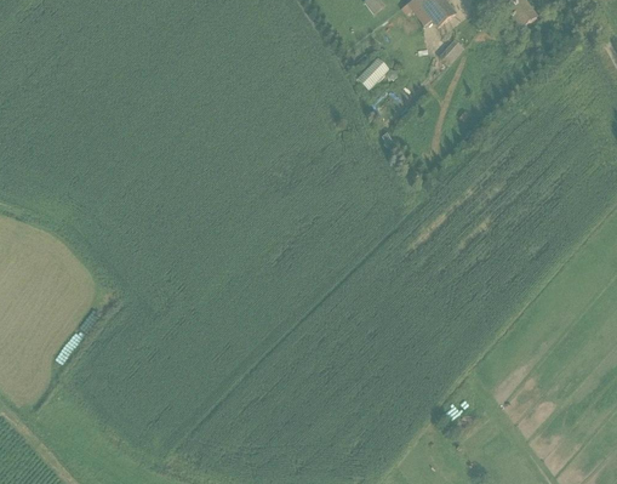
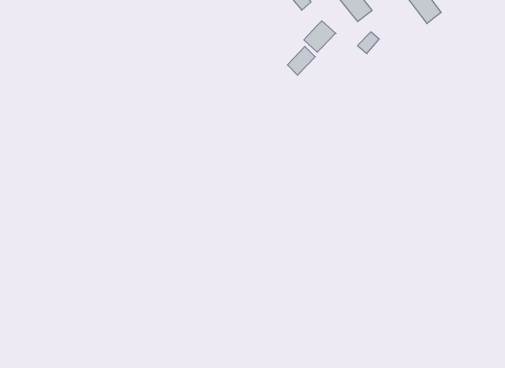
building: none -> [304,21,336,52]

